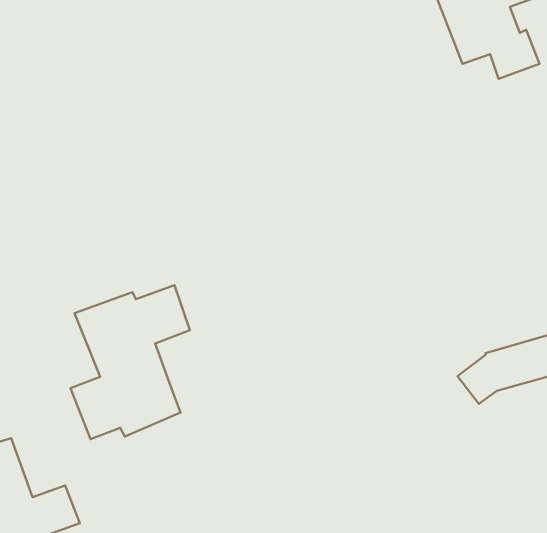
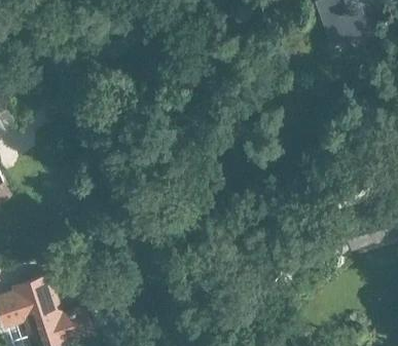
building: [71,285,190,439] -> none

